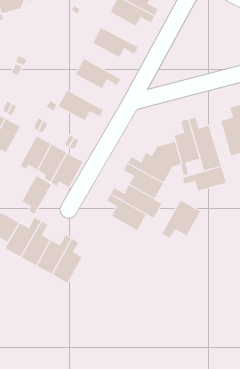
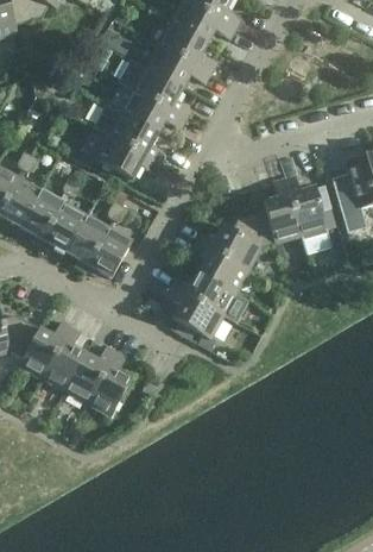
building: none -> [157,21,216,73]
building: none -> [115,57,191,119]
building: none -> [91,102,167,164]
building: [182,166,226,191] -> none
building: [21,175,52,215] -> [20,188,64,245]
building: [162,200,201,239] -> none

